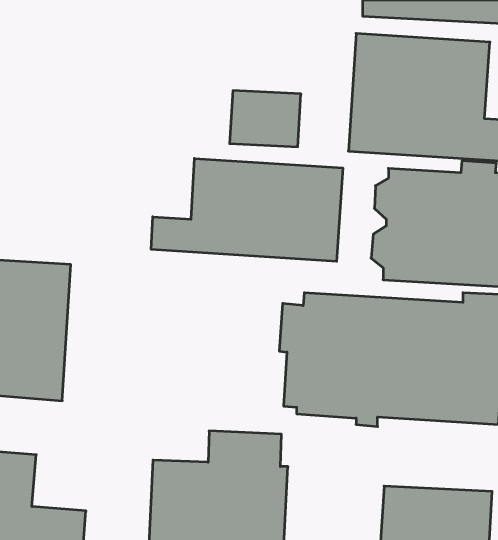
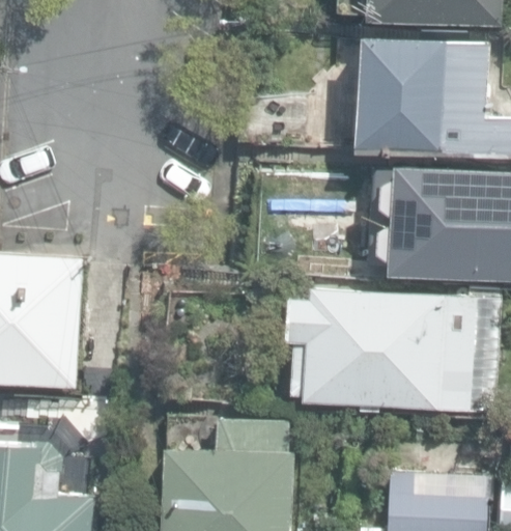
building: [151,158,343,261] -> none

